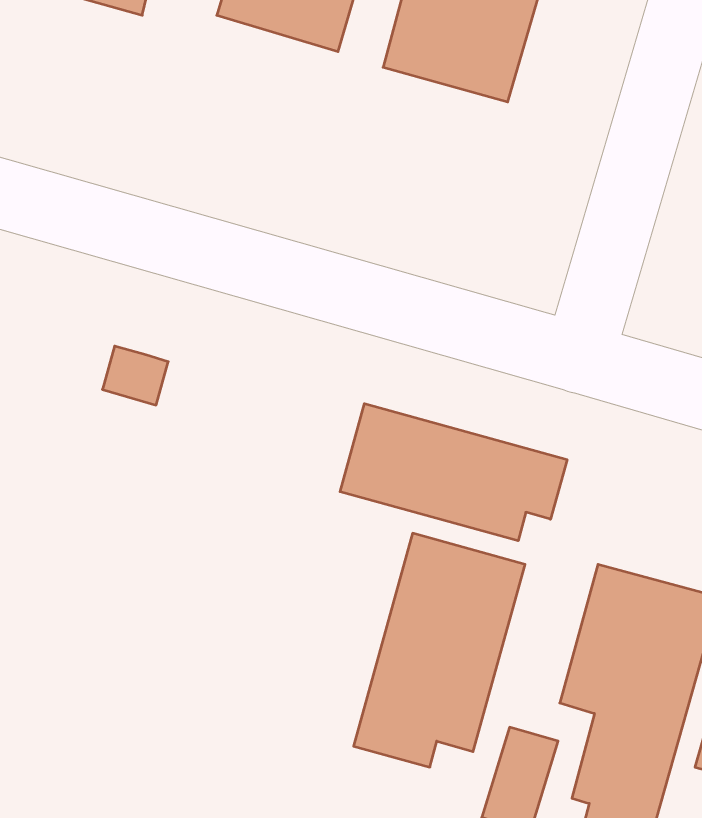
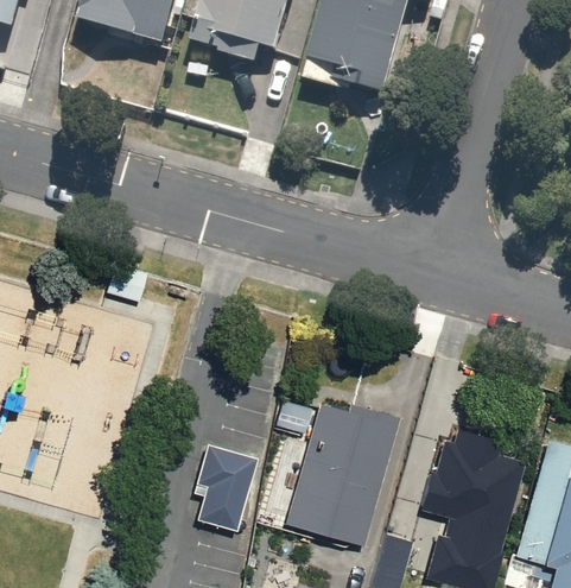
building: [340,404,567,541] -> none
building: none -> [197,444,265,531]

